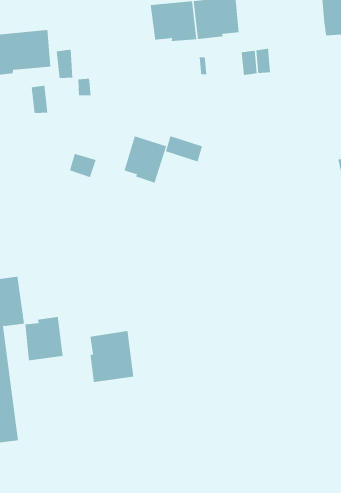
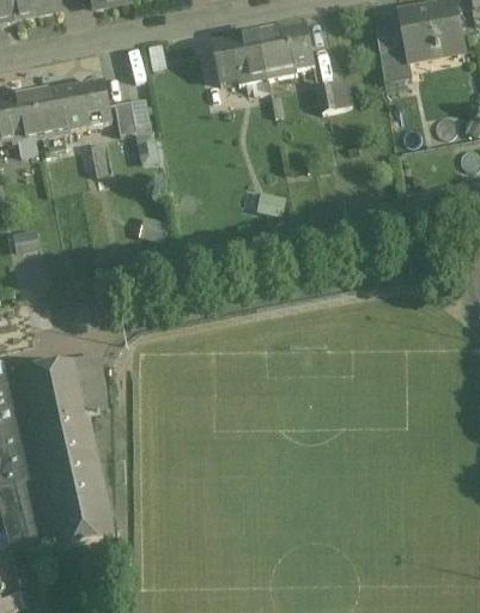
building: none -> [379,44,412,80]
building: [124,135,167,183] -> none
building: [25,316,63,361] -> none
building: [90,330,134,383] -> none

